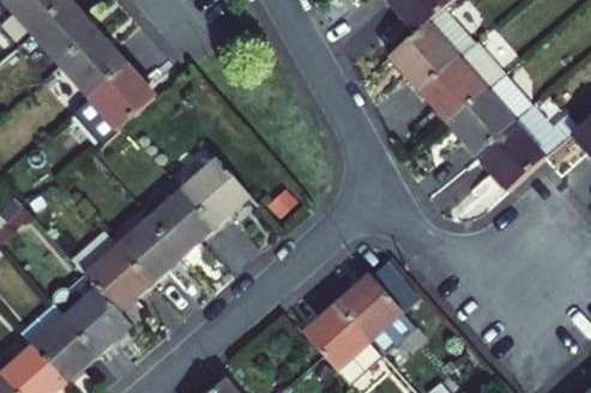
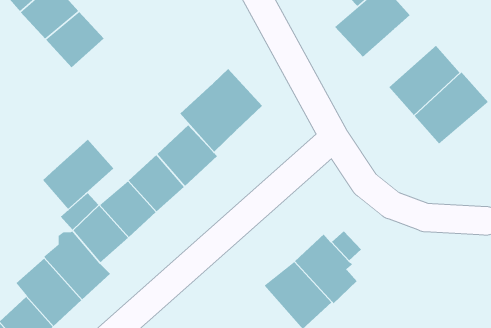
building: [415,32,497,114] -> none
building: [71,59,152,139] -> [42,139,114,210]
building: none -> [179,68,263,152]

